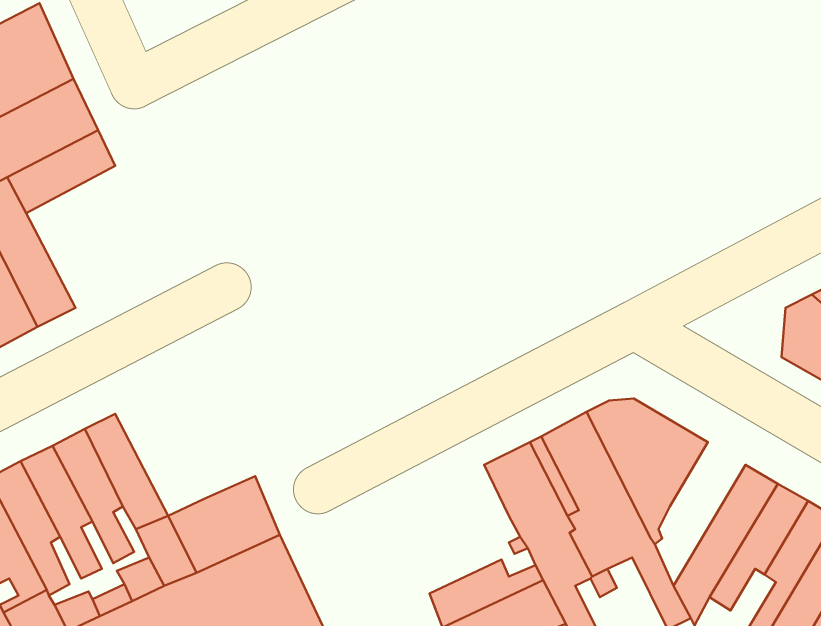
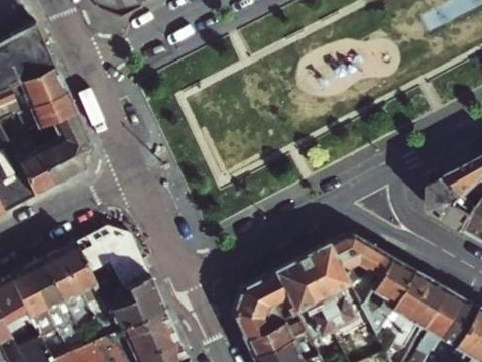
building: none -> [30,111,93,187]
building: none -> [78,227,152,288]
building: none -> [365,258,413,335]
building: none -> [232,270,287,339]

